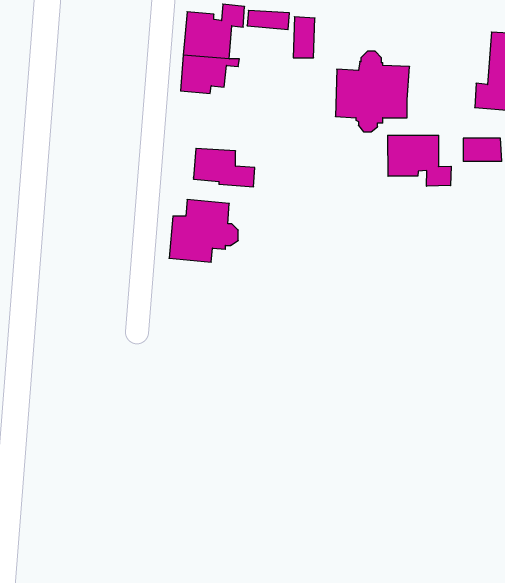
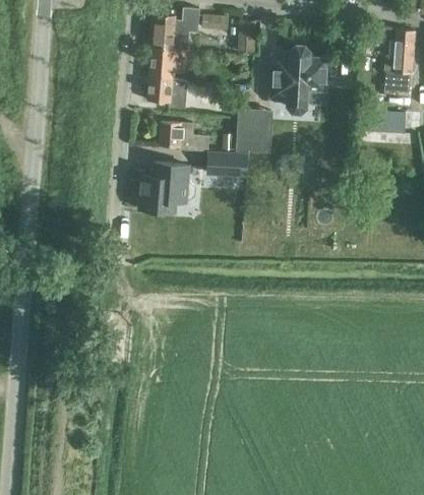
building: none -> [146,77,186,109]
building: none -> [237,110,263,151]
building: [388,135,451,186] -> none
building: none -> [206,154,246,176]

